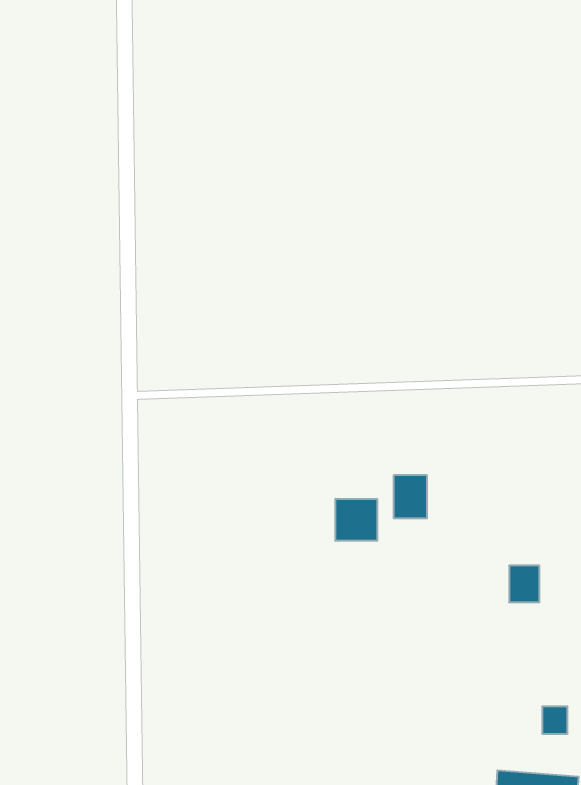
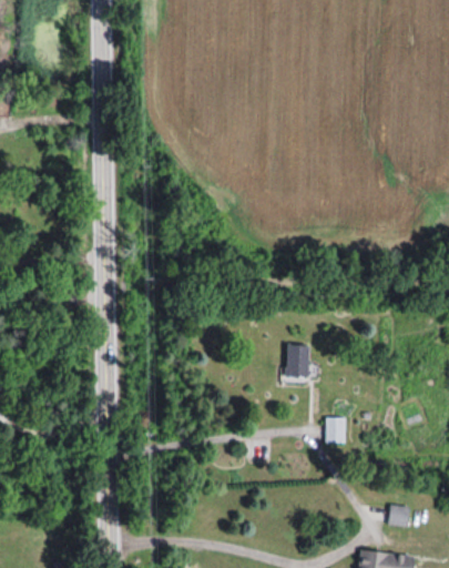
building: [335,499,377,541] -> none
building: [509,566,539,602] -> [324,418,345,444]

